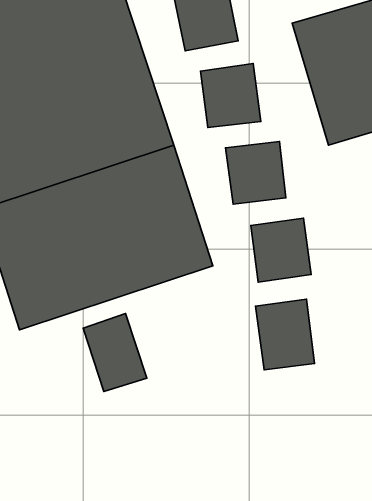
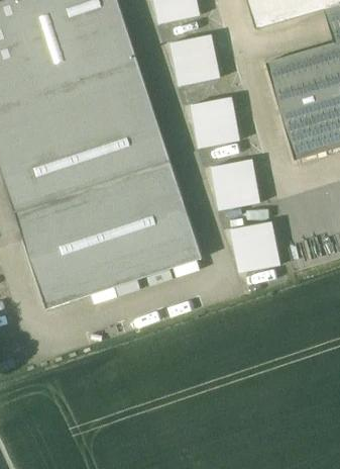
building: [255,299,314,370] -> none
building: [83,314,147,392] -> none

